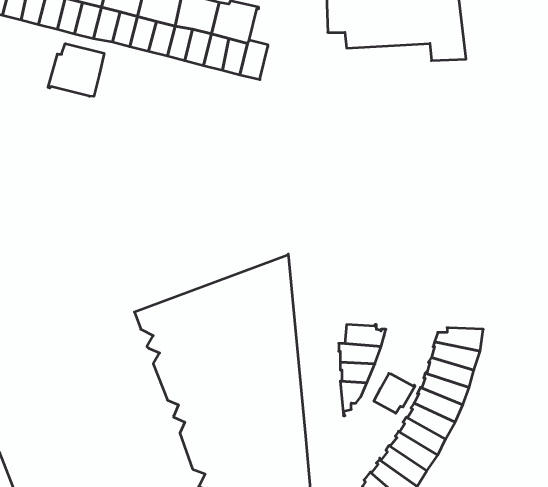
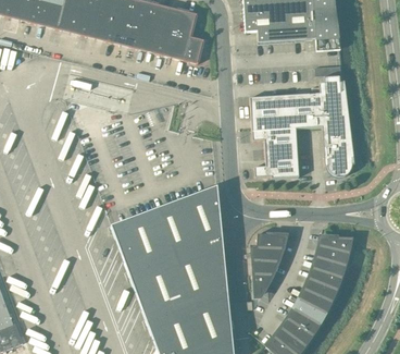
building: [48,44,104,96] -> none
building: none -> [248,75,353,178]
building: [374,373,415,413] -> none

